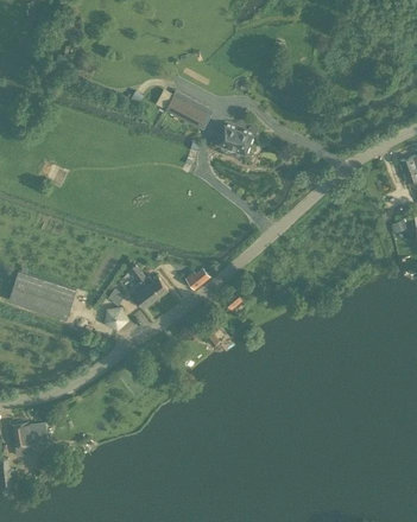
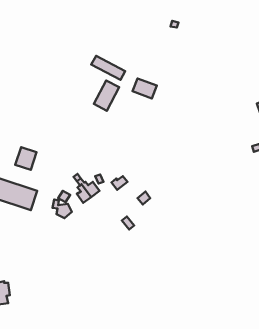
building: none -> [94,80,119,111]
building: none -> [15,147,37,170]

